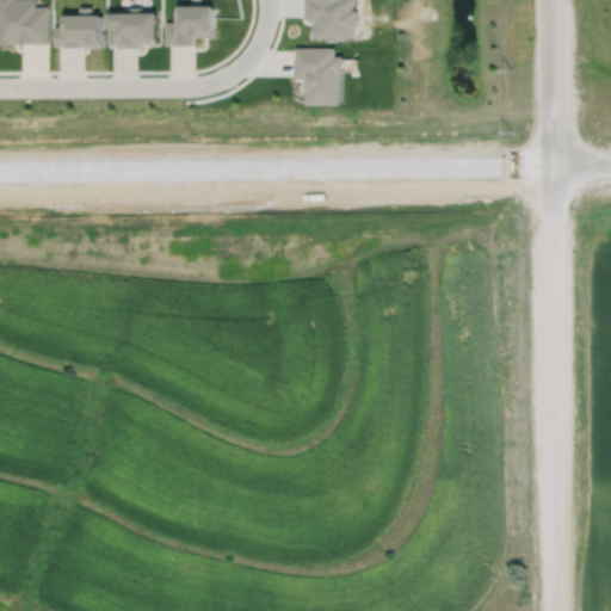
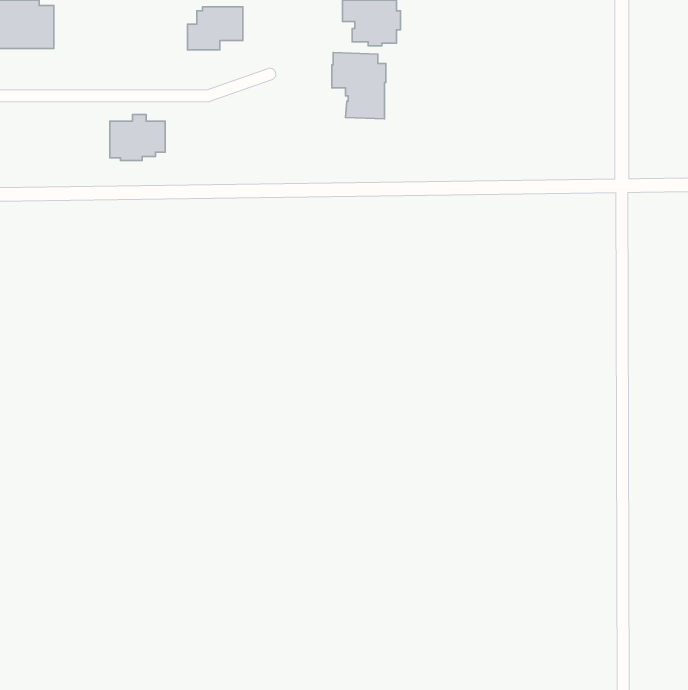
building: [55,6,101,47] -> none
building: [109,6,158,47] -> [110,114,165,160]

